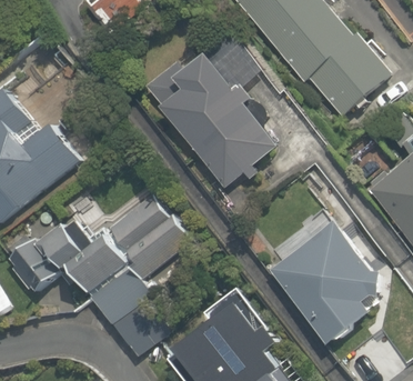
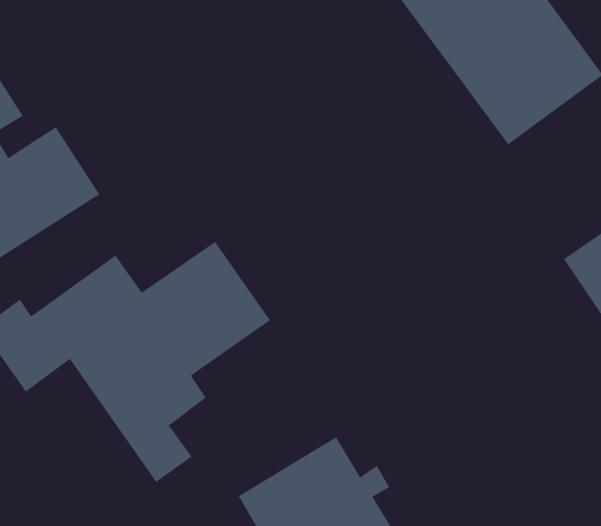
building: [150,54,280,190] -> none
building: [266,220,379,342] -> none

